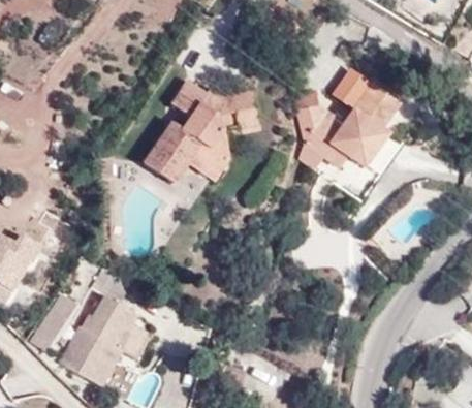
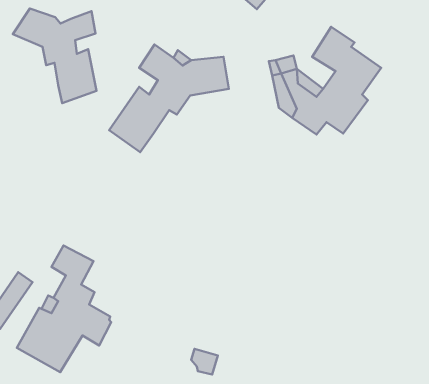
building: none -> [13,9,96,103]
building: [186,130,228,184] -> none

